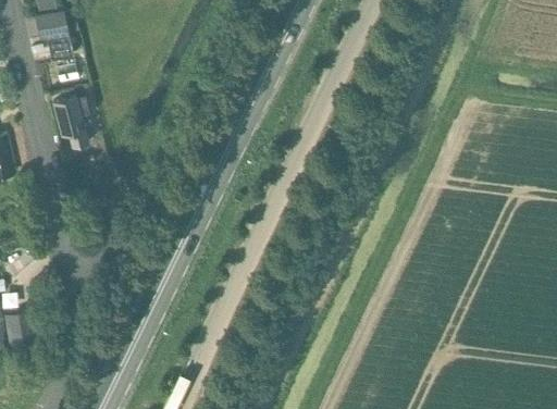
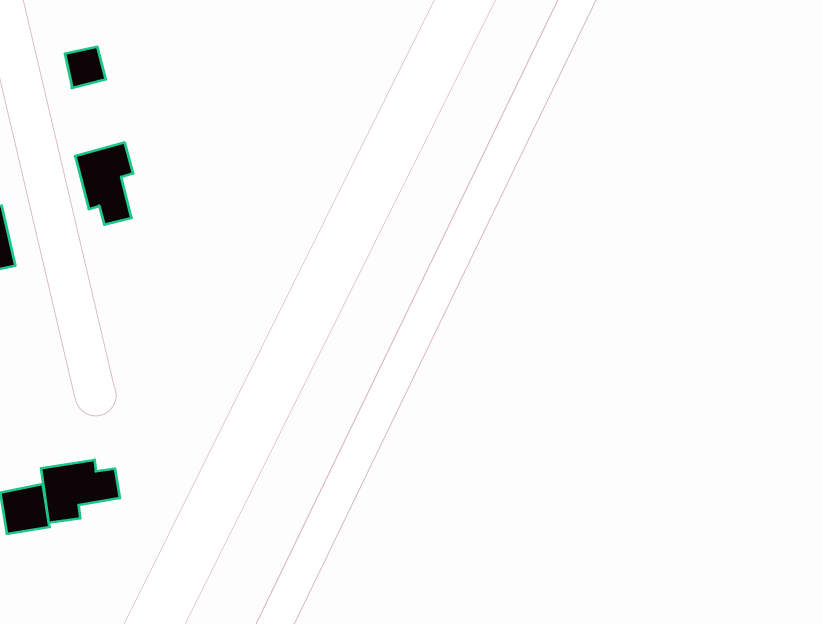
building: [35,10,67,39] -> none
building: none -> [41,460,120,523]

